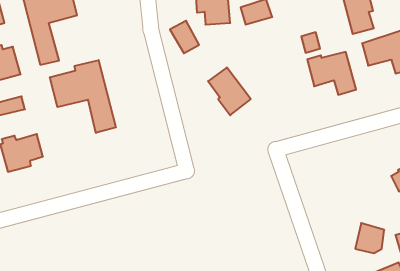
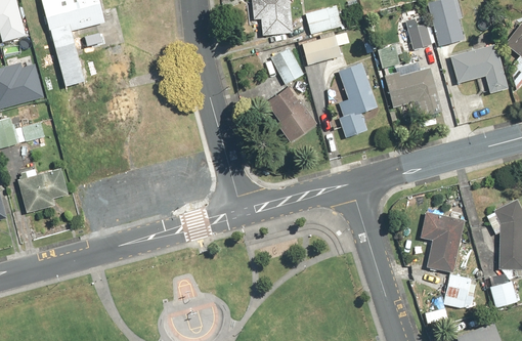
building: none -> [406,23,432,50]
building: [170,21,199,53] -> [268,46,303,85]
building: none -> [301,31,342,67]
building: none -> [337,62,378,138]
building: [50,60,116,133] -> none
building: none -> [419,211,464,271]

